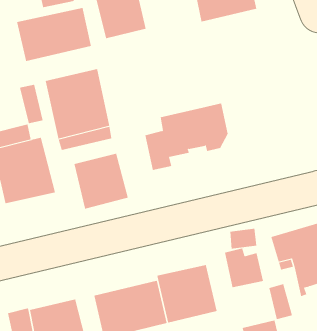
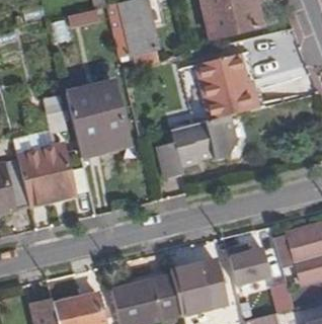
building: [17,7,92,62] -> none
building: none -> [196,52,260,118]
building: [74,153,129,209] -> none

